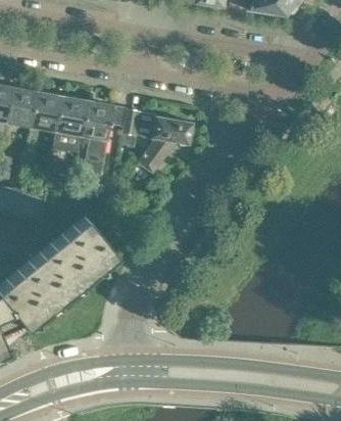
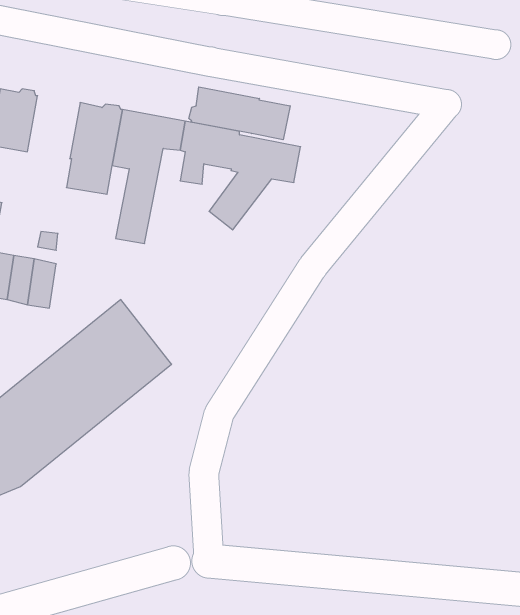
building: none -> [189,87,290,140]
building: [29,92,60,131] -> none

